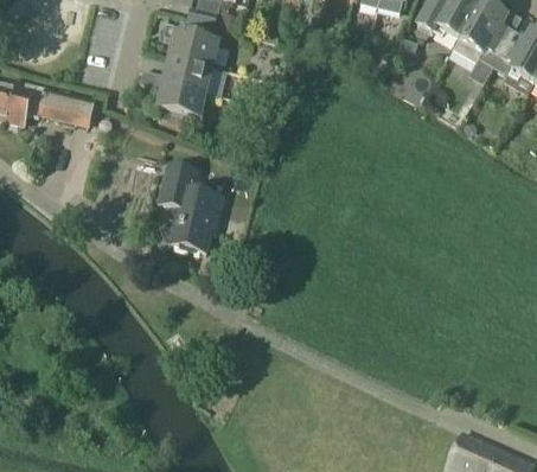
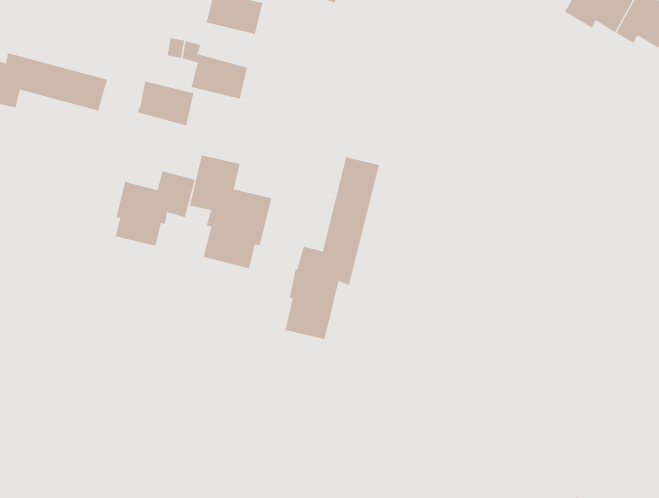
building: [165,57,210,93] -> [137,81,194,126]
building: none -> [285,157,380,340]
building: none -> [115,170,196,247]

